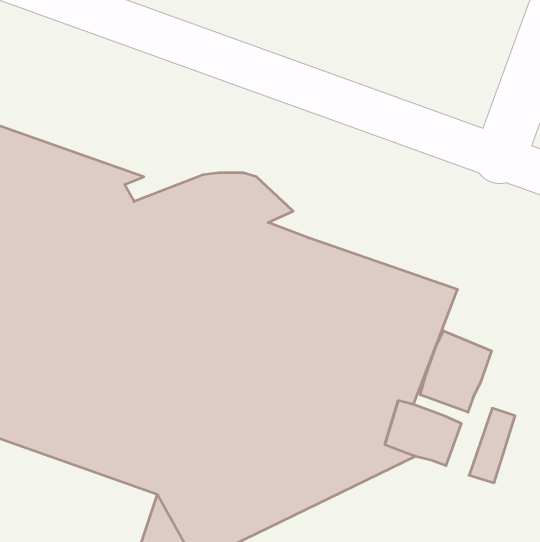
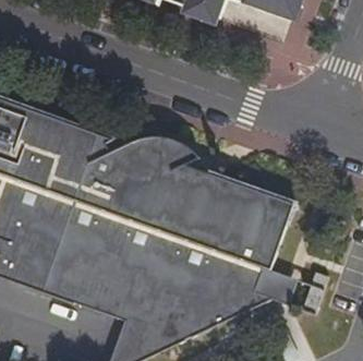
building: [420,331,492,412] -> none

